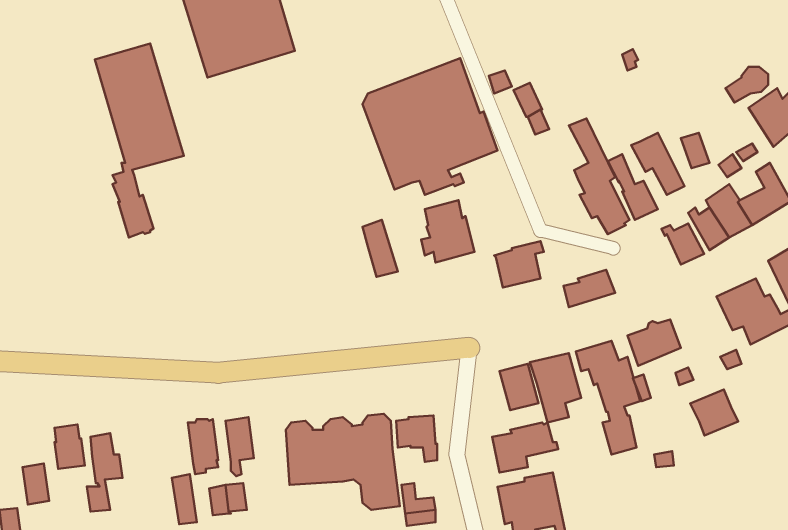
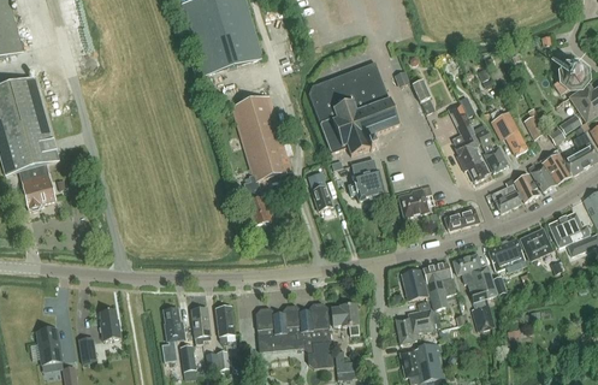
building: [95,44,184,238] -> [231,95,291,226]
building: none -> [491,178,521,213]
building: [690,389,738,436] -> [520,229,552,260]
building: [87,433,123,512] -> [161,308,185,361]

